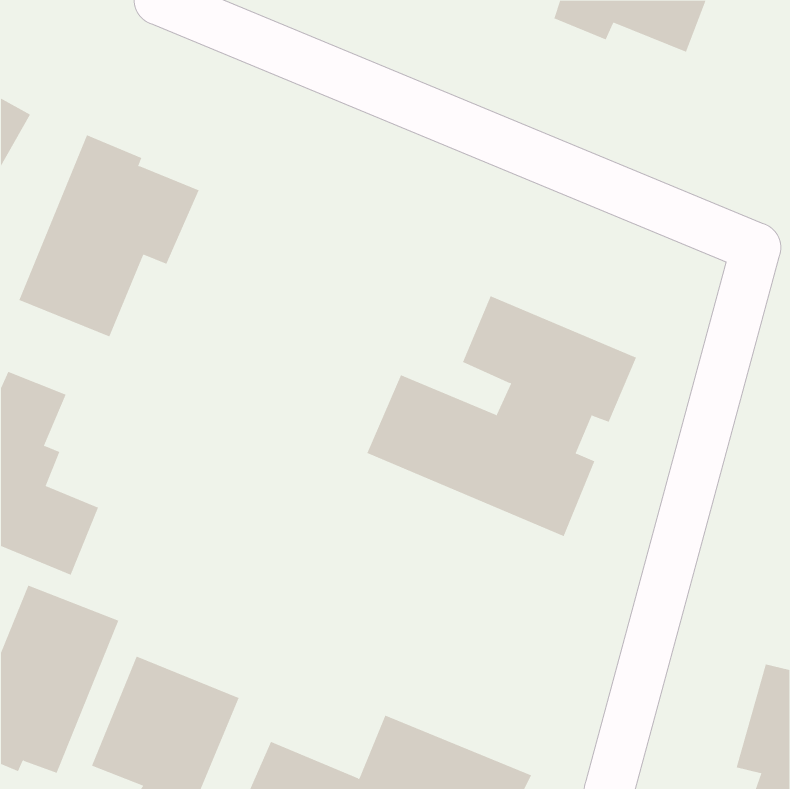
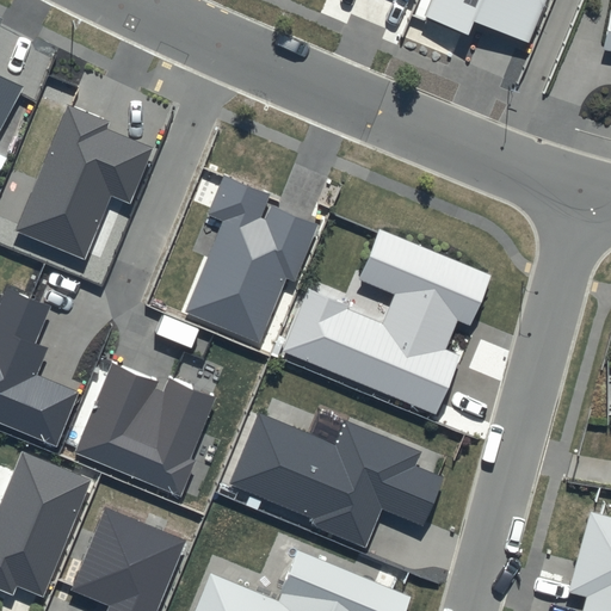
building: none -> [185,175,319,344]
building: none -> [75,363,216,499]
building: none -> [230,414,445,548]

